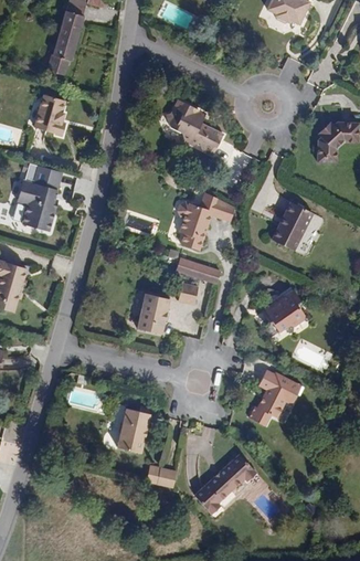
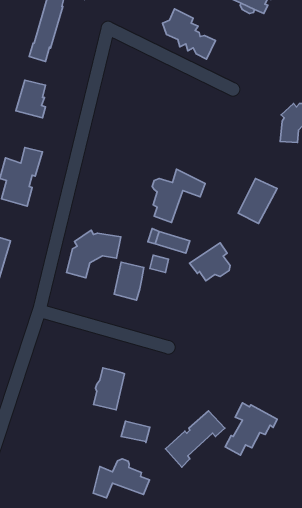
building: [166,100,223,155] -> [162,9,216,59]
building: none -> [66,230,121,278]
building: [260,290,304,331] -> [189,243,230,281]
building: [248,370,305,426] -> [225,403,277,455]
building: none -> [93,459,149,498]

